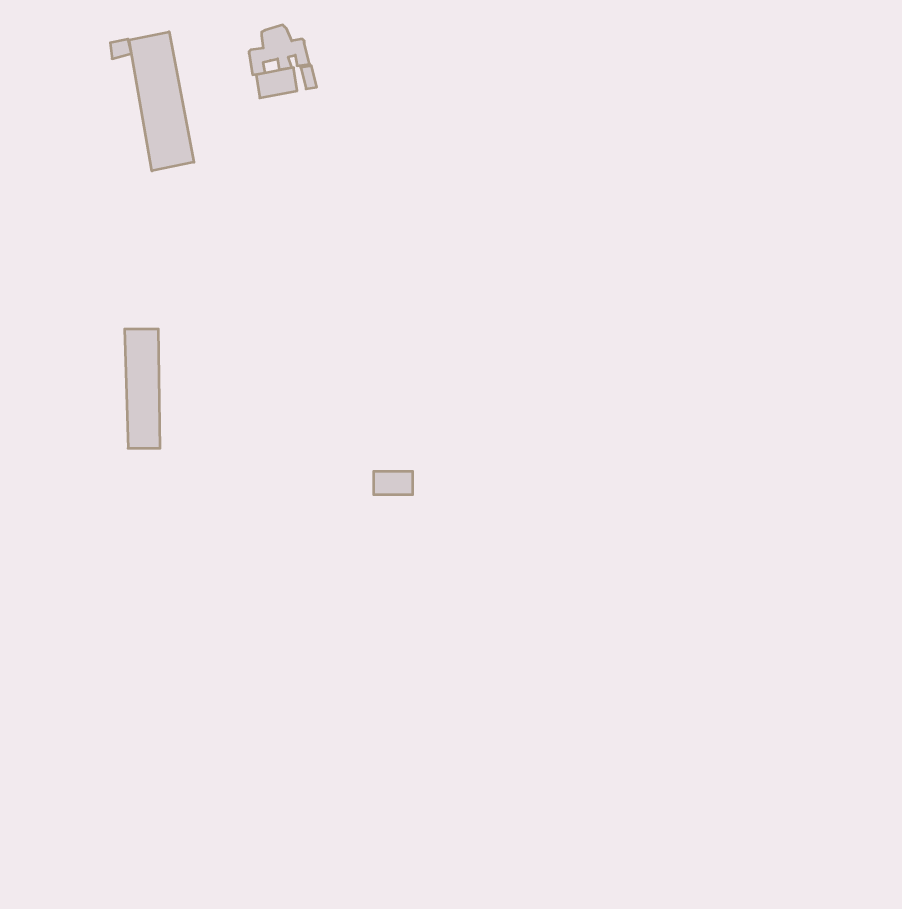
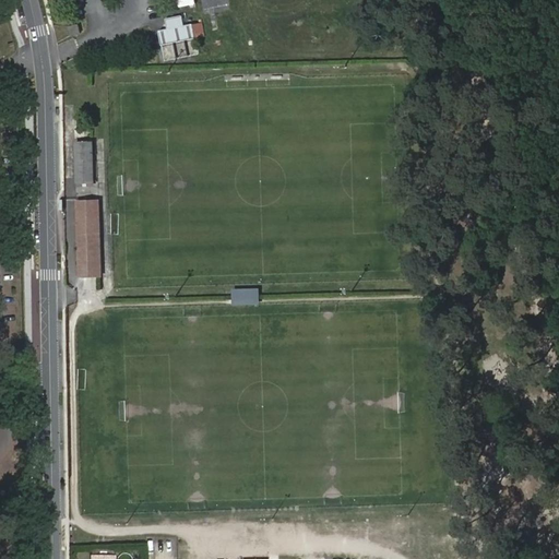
building: [129,32,194,171] -> none
building: none -> [75,141,92,183]

